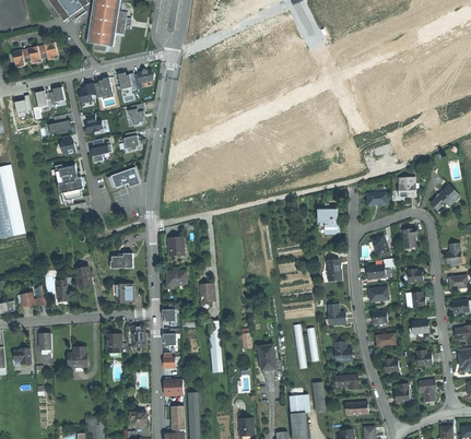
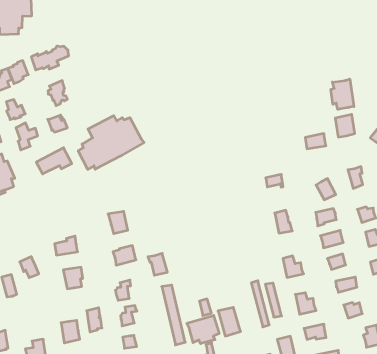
building: none -> [331,79,354,109]
building: none -> [78,116,144,169]
building: none -> [187,315,219,344]

